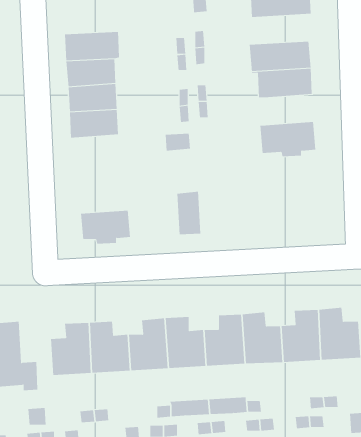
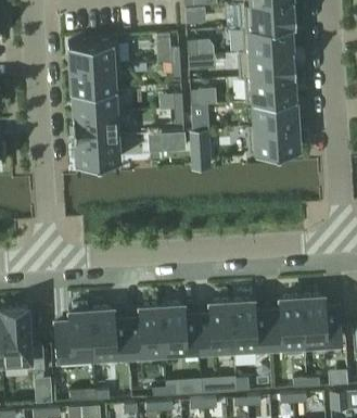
building: none -> [238,26,295,54]
building: none -> [252,100,297,128]
building: [176,191,201,235] -> [189,131,212,172]
building: [80,210,131,244] -> [74,137,120,168]

